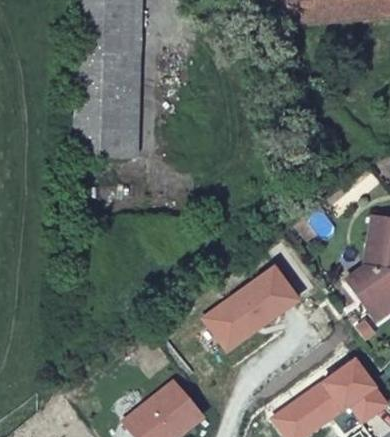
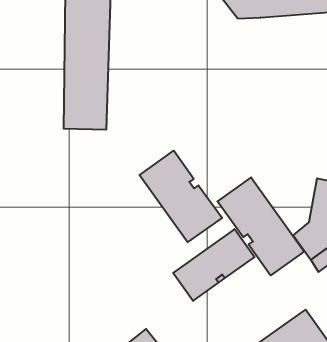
building: none -> [139,151,222,242]
building: none -> [217,177,304,275]

